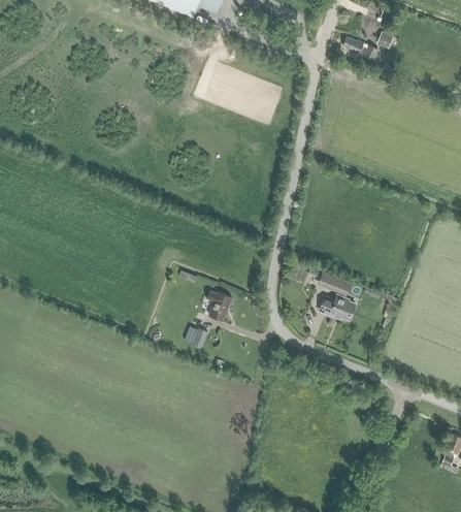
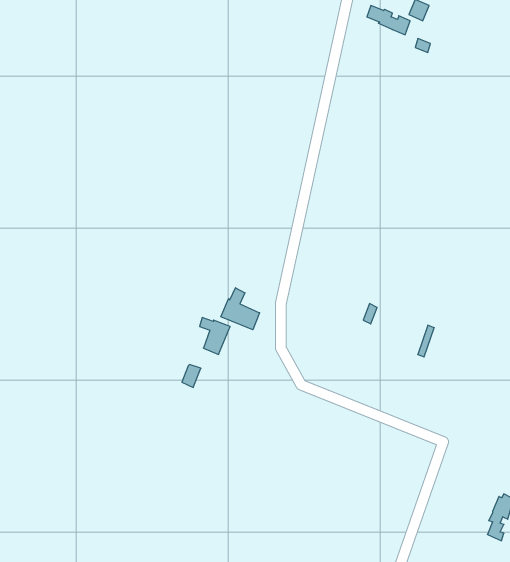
building: none -> [221,288,260,330]
building: [318,293,354,318] -> none

